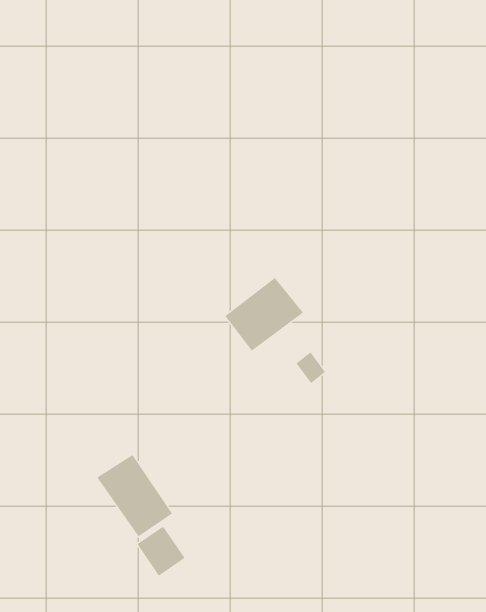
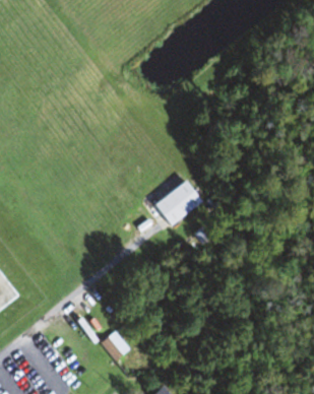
building: [96,454,173,537] -> none

